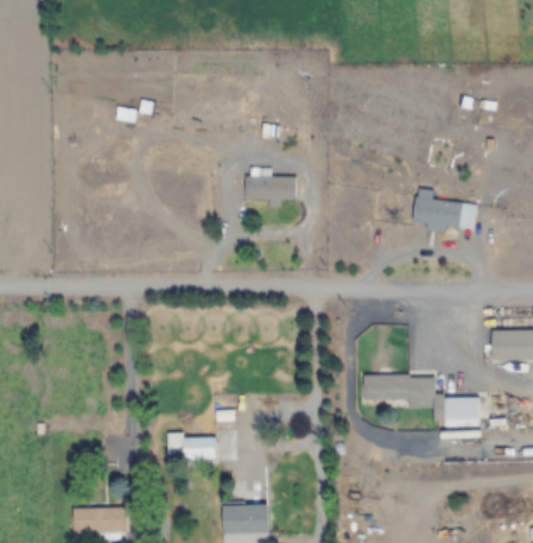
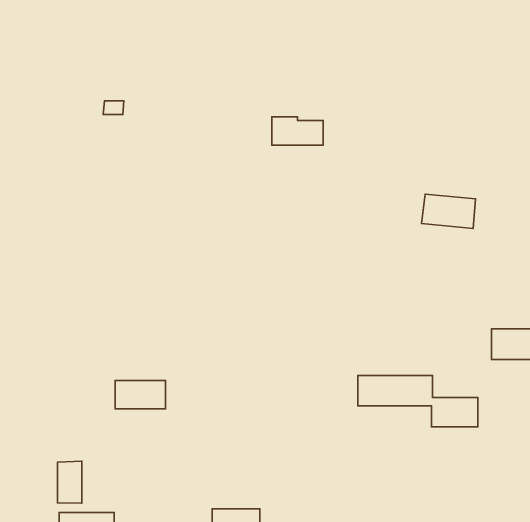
building: [247,173,297,201] -> [272,117,323,145]
building: [167,435,216,462] -> [115,381,166,409]
building: none -> [57,461,82,503]

